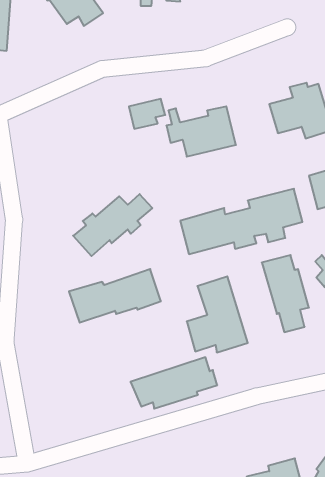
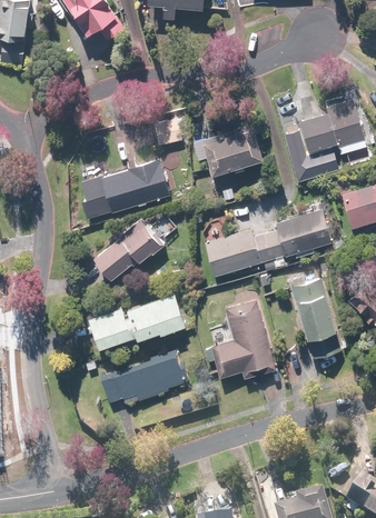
building: none -> [283,127,338,179]
building: none -> [78,158,174,218]
building: [130,357,217,409] -> [100,350,190,404]

